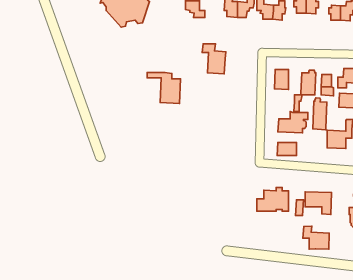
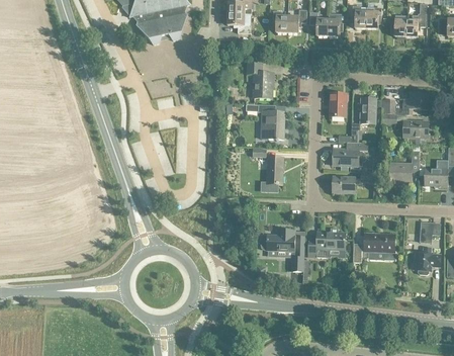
building: [147,73,181,103] -> [246,104,284,140]
building: [313,98,327,130] -> none
building: none -> [266,156,283,190]
building: none -> [266,230,304,271]
building: [303,226,329,249] -> none

